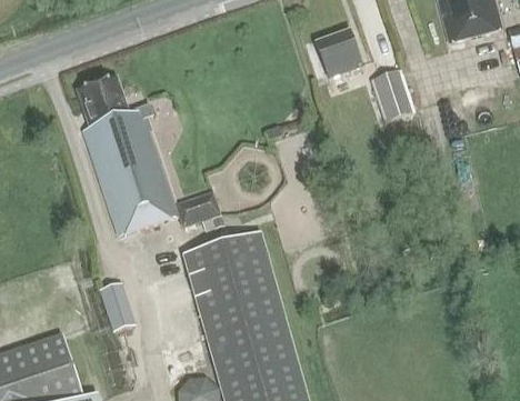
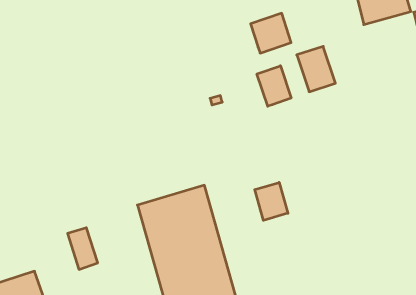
building: [80,78,221,235] -> none
building: none -> [257,66,291,106]
building: none -> [255,182,288,220]

